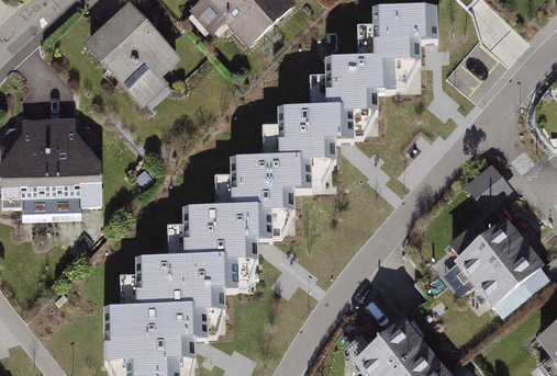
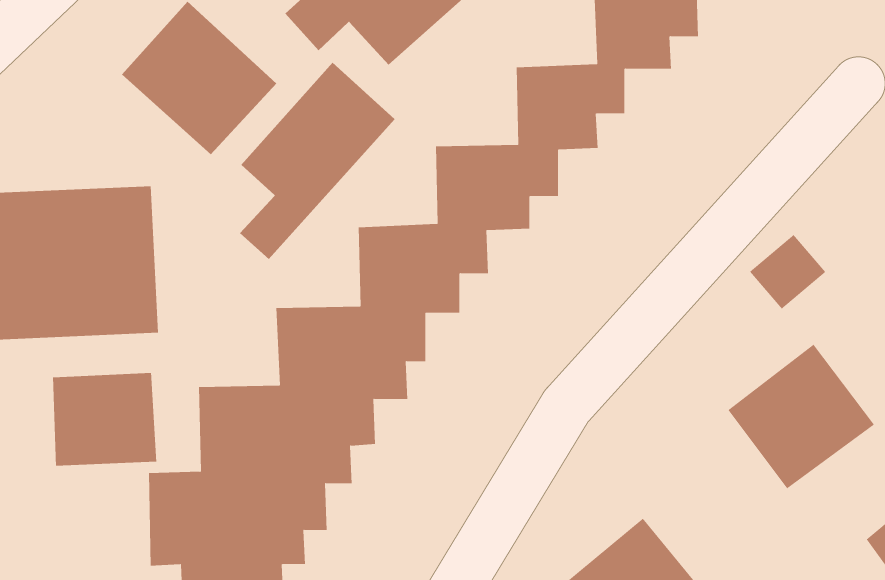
building: none -> [239,62,396,260]
building: none -> [53,372,157,467]

